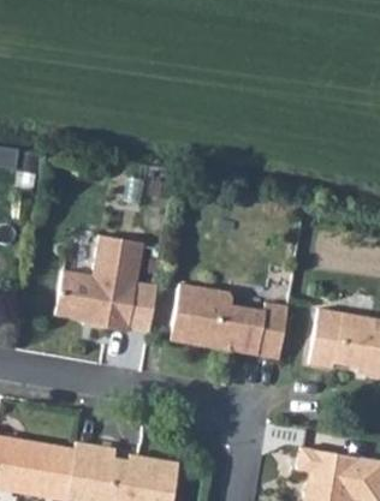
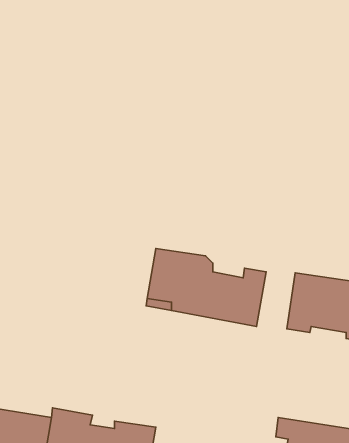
building: [55,229,143,332] -> none

